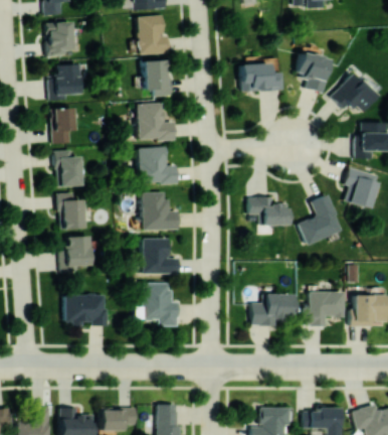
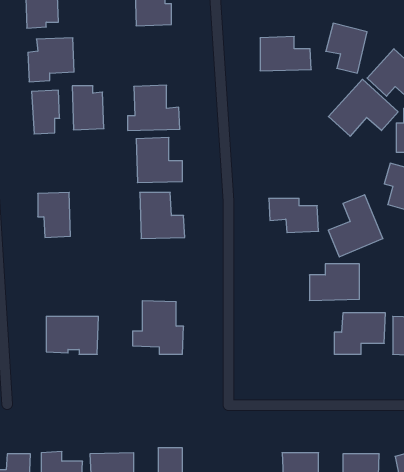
building: [144,60,170,97] -> none
building: none -> [328,79,398,136]
building: [55,151,81,187] -> [72,86,104,130]
building: [63,236,92,273] -> none
building: [143,239,179,275] -> none
building: [251,294,293,324] -> [309,264,359,300]

